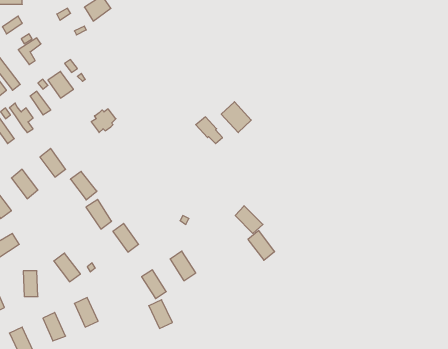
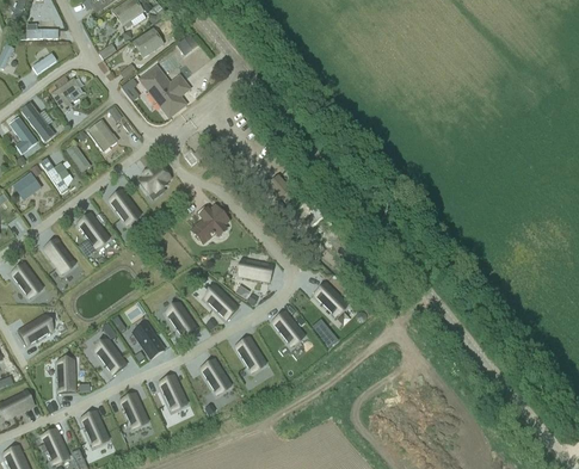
building: none -> [141,67,189,116]
building: [221,102,251,133] -> none
building: none -> [196,206,227,237]
building: [70,171,97,200] -> [109,190,141,224]
building: none -> [239,258,273,280]
building: [86,199,112,229] -> [133,322,164,358]
building: none -> [204,285,239,319]
building: [248,231,275,260] -> [272,310,304,346]
building: [149,300,172,328] -> [159,375,187,409]

